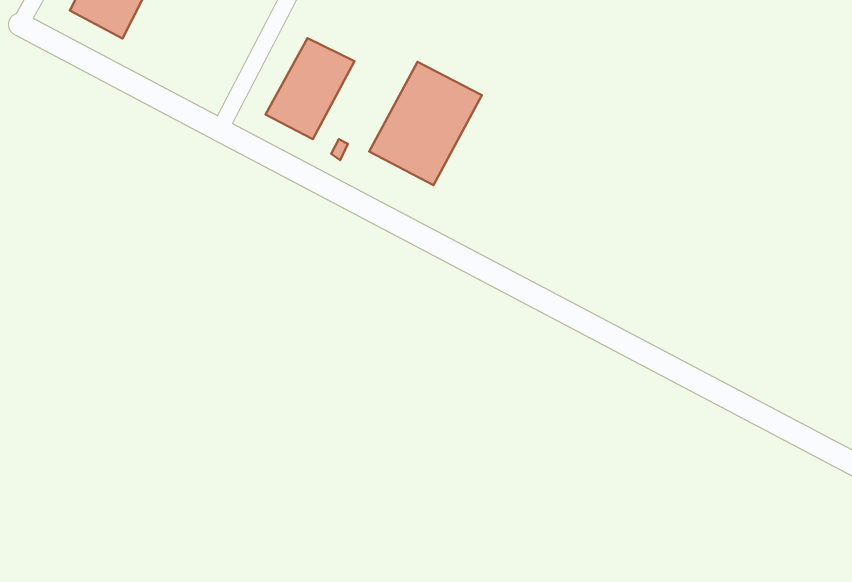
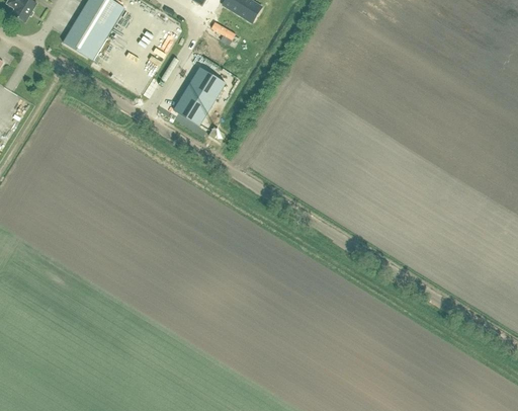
building: [369,62,482,185] -> none

